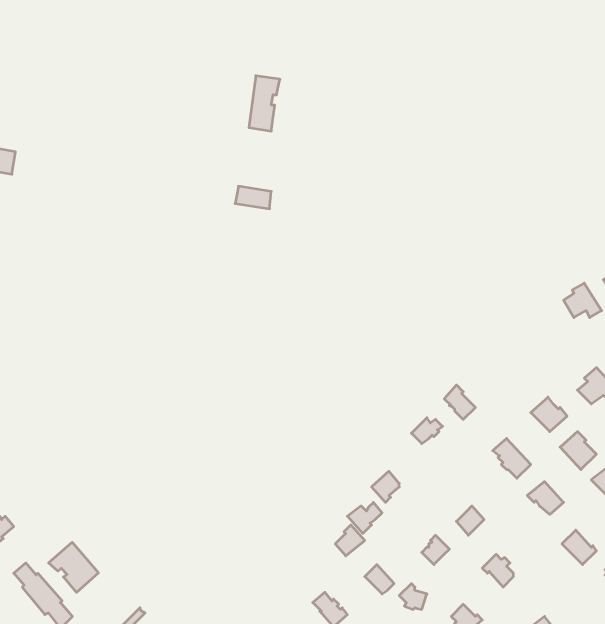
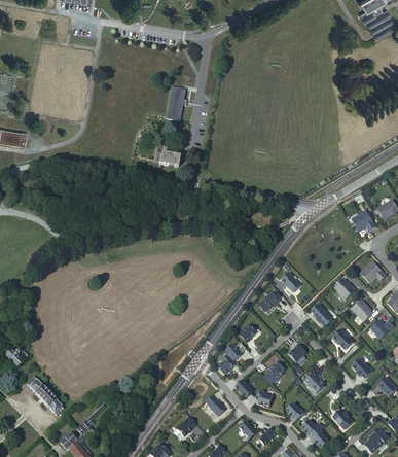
building: [49,542,98,592] -> none

